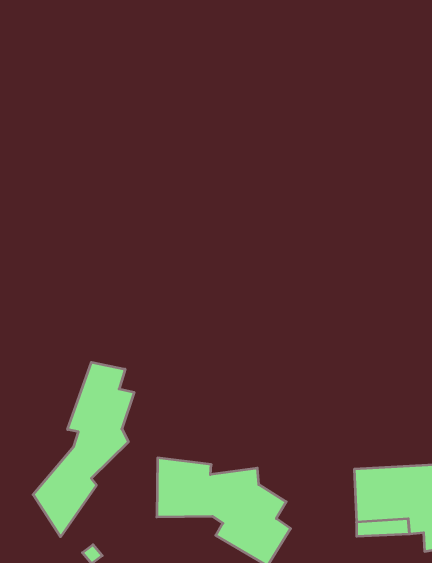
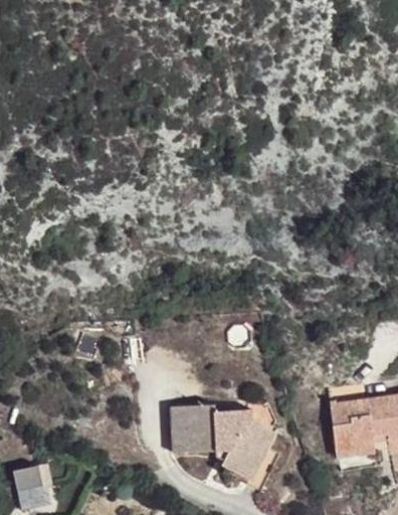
building: [33,362,134,537] -> none

